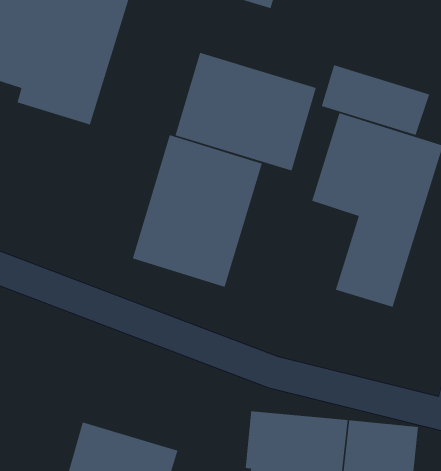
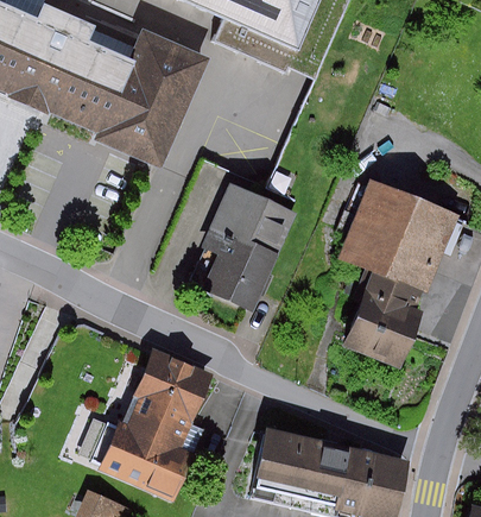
building: [175,52,317,171] -> none
building: [321,64,430,136] -> none
building: none -> [121,346,214,448]

